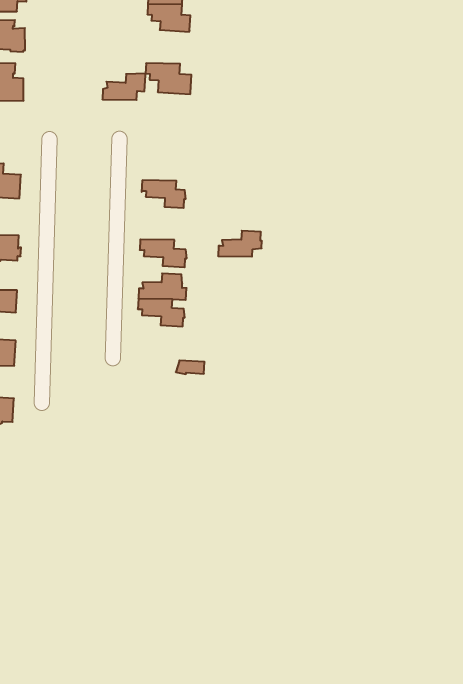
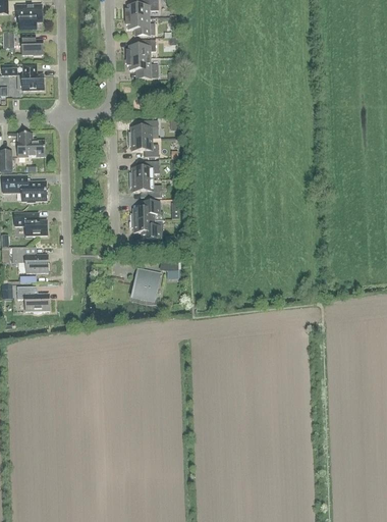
building: [102,74,145,100] -> [125,39,154,58]
building: none -> [127,120,157,139]
building: [218,231,262,257] -> [128,161,158,179]
building: none -> [131,271,158,299]

